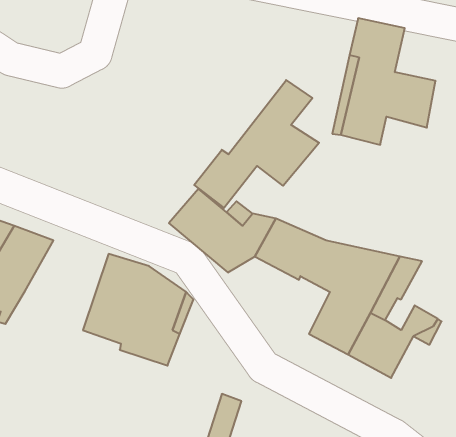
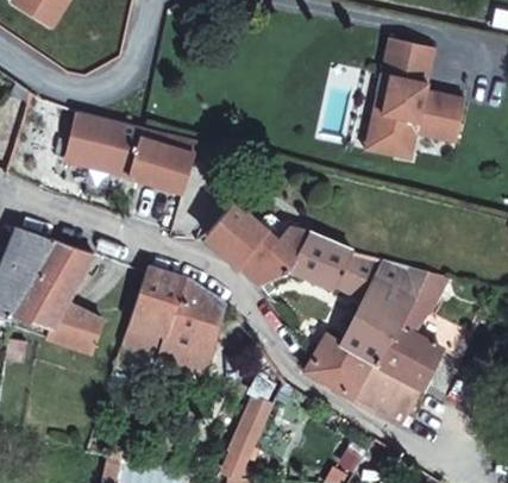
building: [194,80,319,208] -> none
building: none -> [67,109,196,193]
building: none -> [46,303,102,351]
building: none -> [306,337,420,422]

